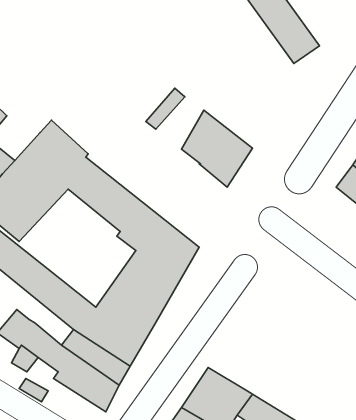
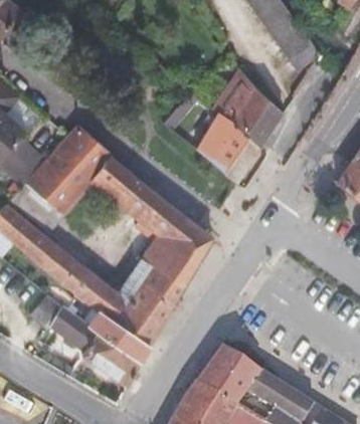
building: none -> [210,68,284,148]

